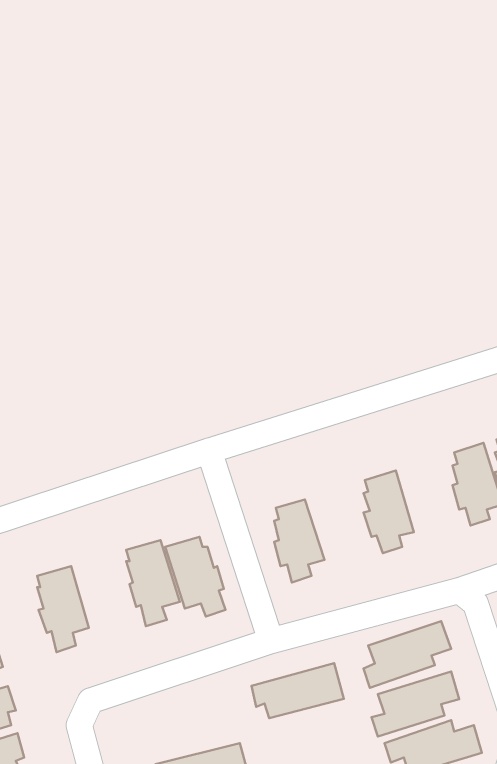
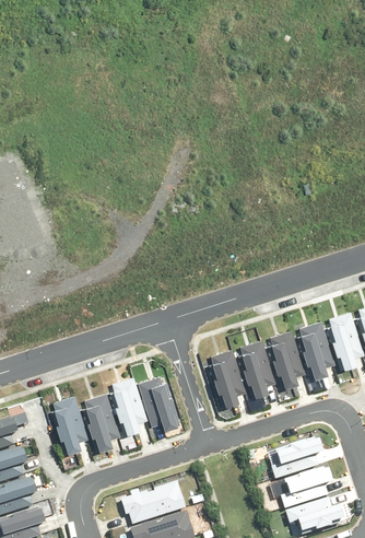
building: none -> [302,324,335,378]
building: none -> [240,340,274,396]
building: none -> [84,394,119,452]
building: [251,663,344,718] -> [125,486,187,523]

